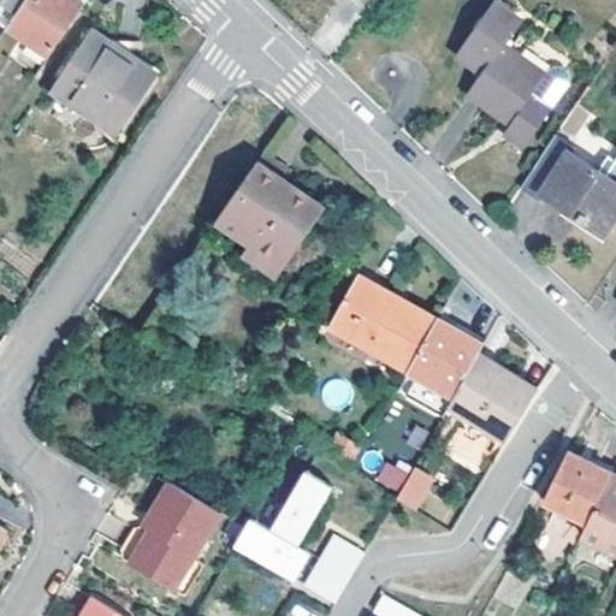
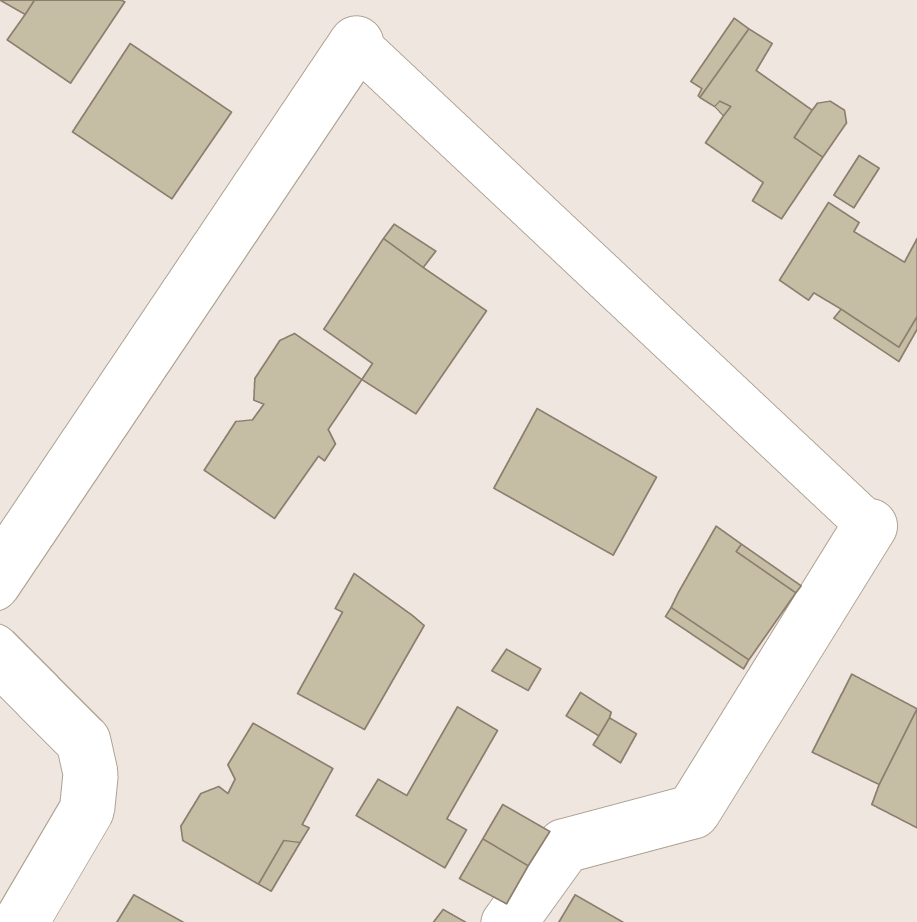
building: none -> [204,334,362,519]
building: [408,319,481,396] -> none
building: none -> [297,574,424,730]

